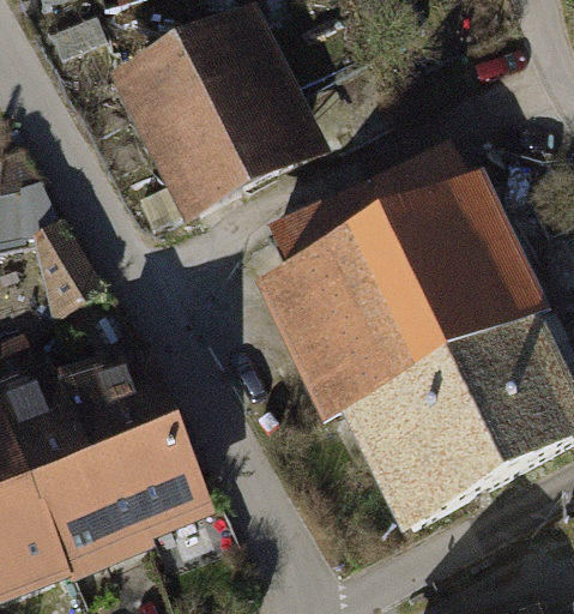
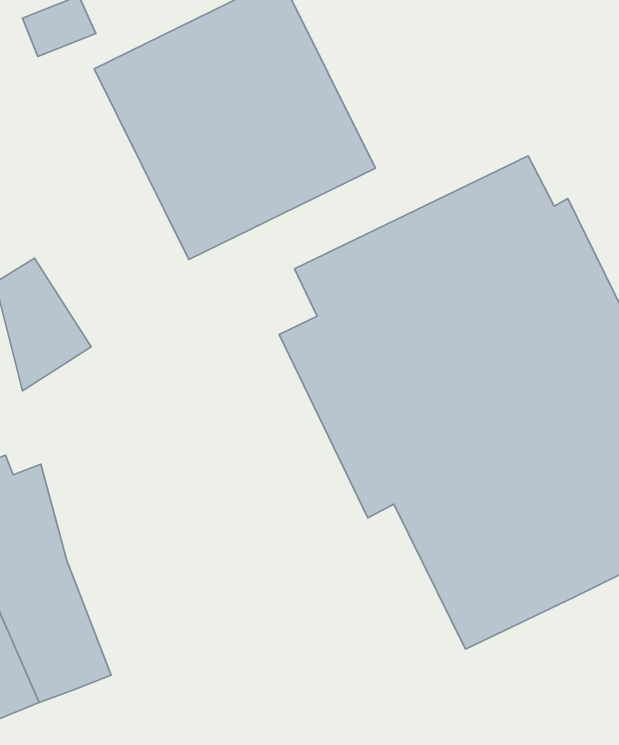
building: [68,362,200,547] -> none

